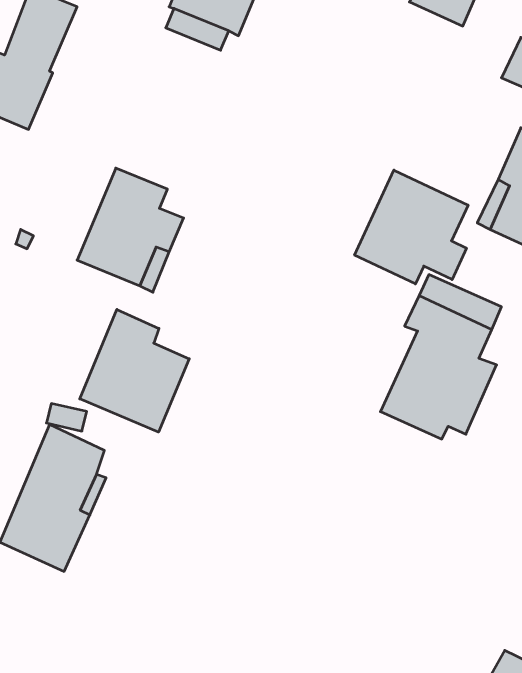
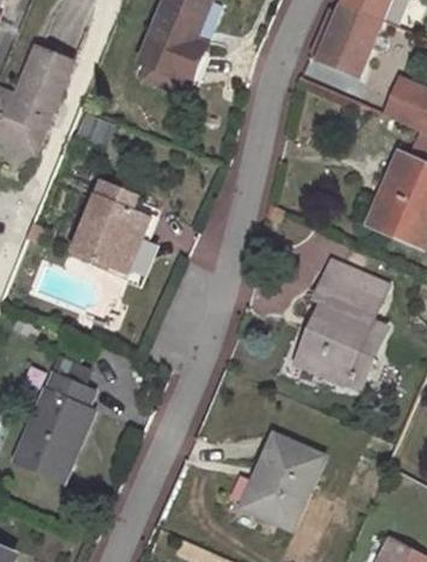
building: [355,170,468,284] -> none
building: [80,309,189,432] -> none
building: none -> [242,434,321,525]

